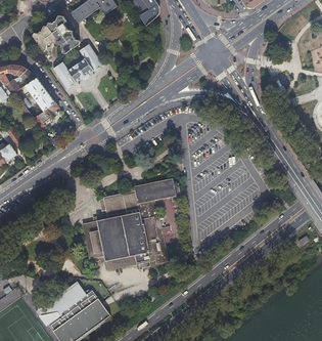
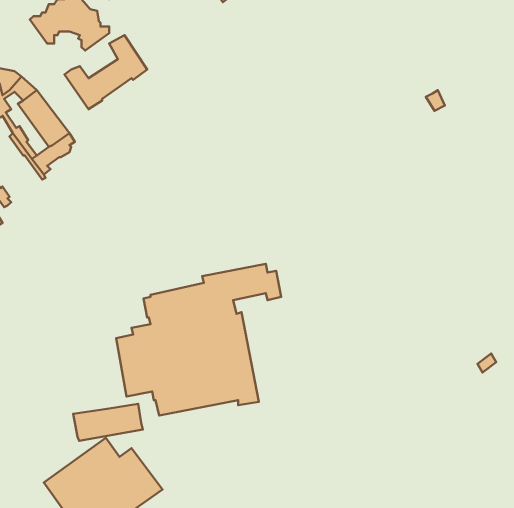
building: none -> [73,404,143,441]

